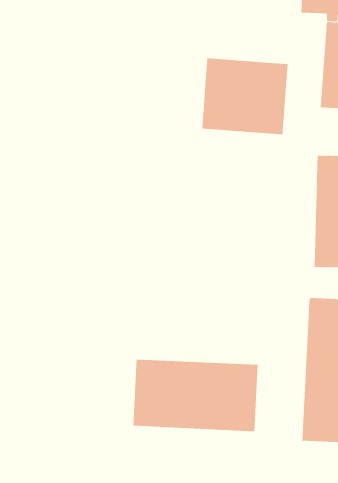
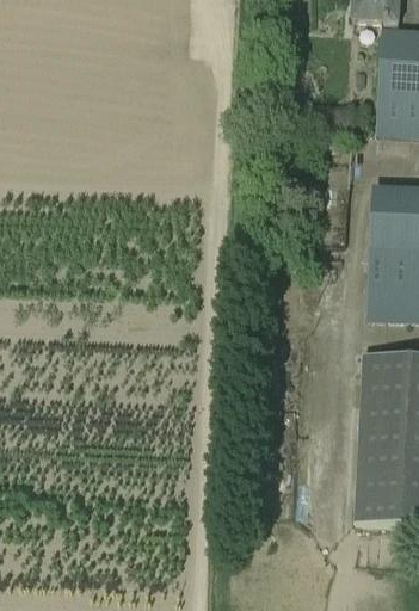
building: [202,57,288,135] -> none
building: [133,359,258,432] -> none

